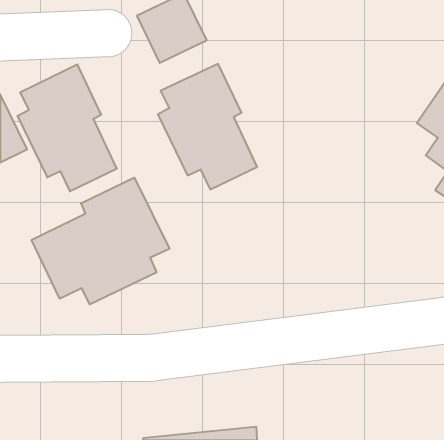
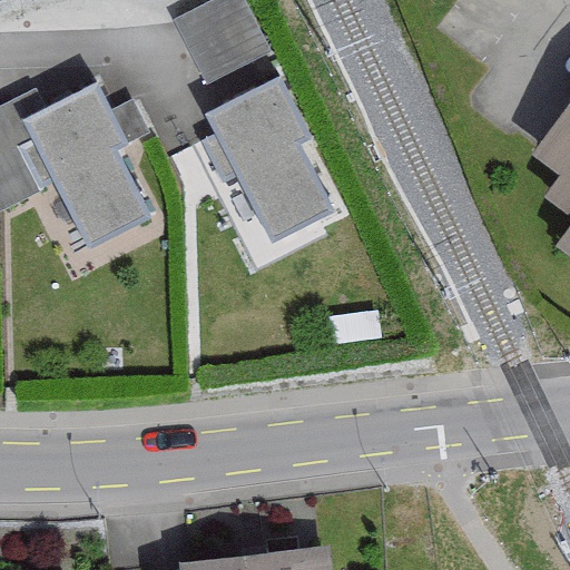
building: [32,178,169,304] -> none

